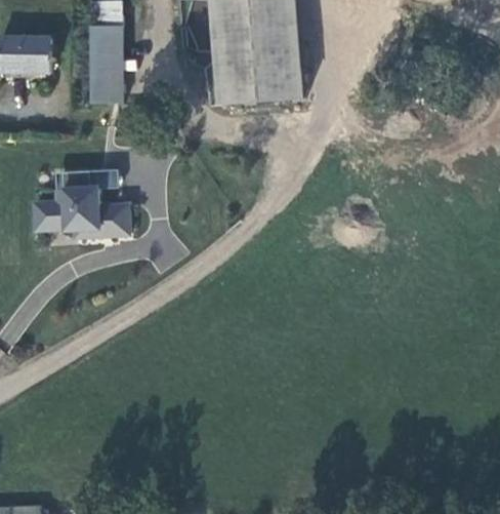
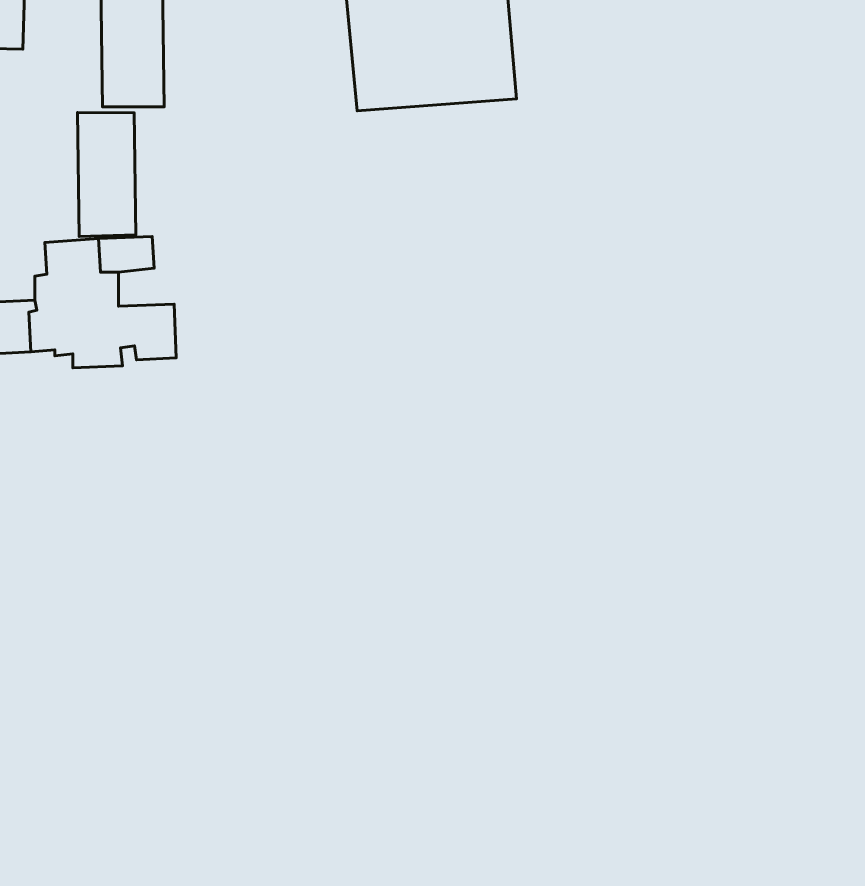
building: none -> [77,112,136,236]

